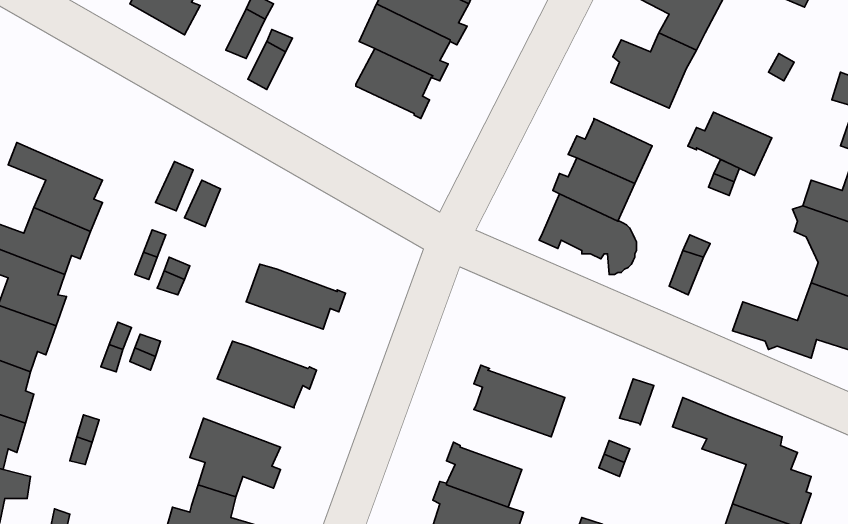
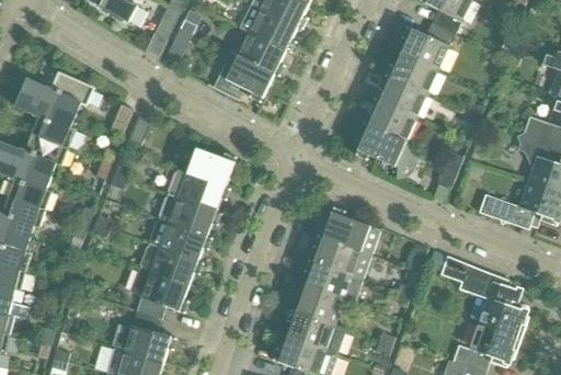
building: none -> [204,49,274,103]
building: none -> [20,71,93,116]
building: [688,112,772,175] -> [383,54,437,94]
building: none -> [186,148,236,188]
building: none -> [158,194,221,237]
building: none -> [321,207,380,255]
building: none -> [139,243,203,287]
building: none -> [304,260,362,305]

